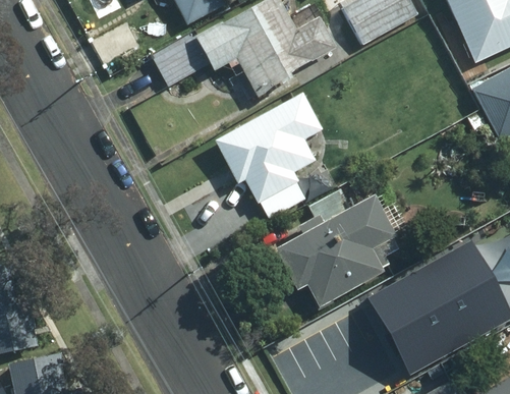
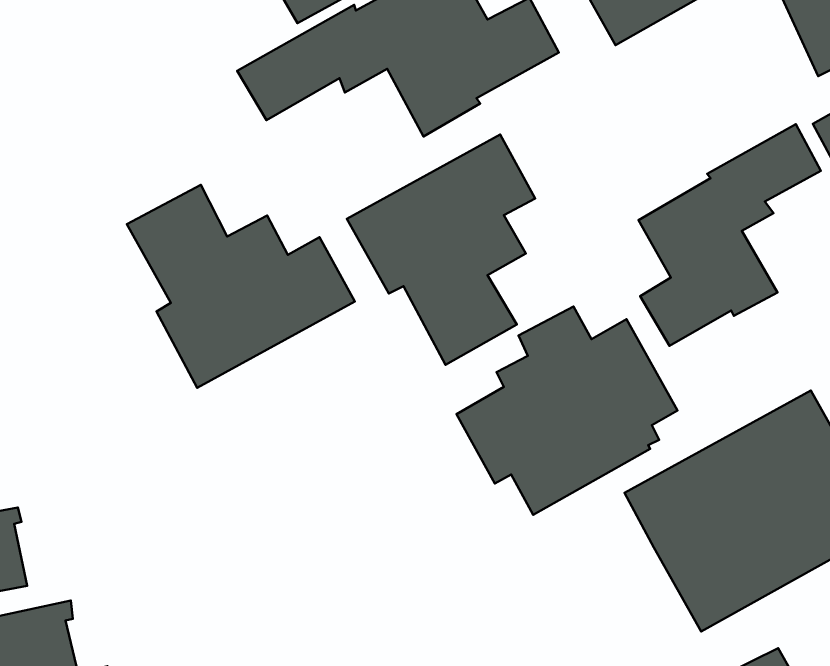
building: none -> [638,124,821,346]
building: none -> [127,185,355,388]

